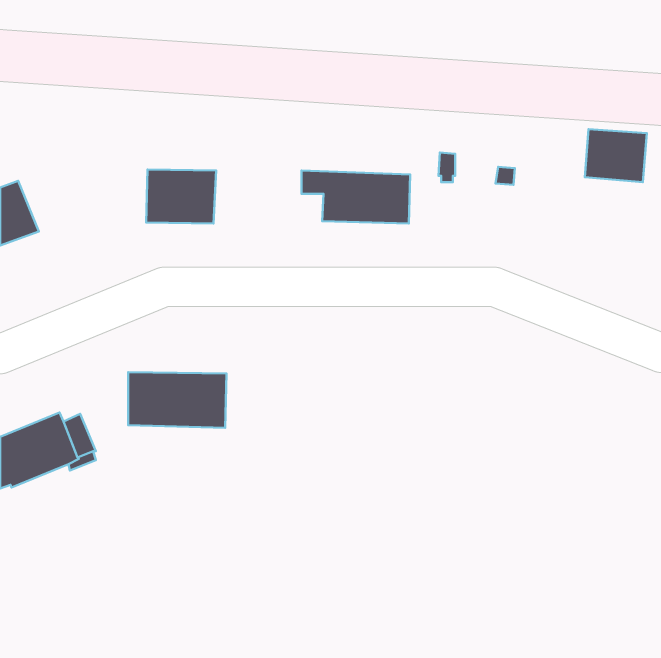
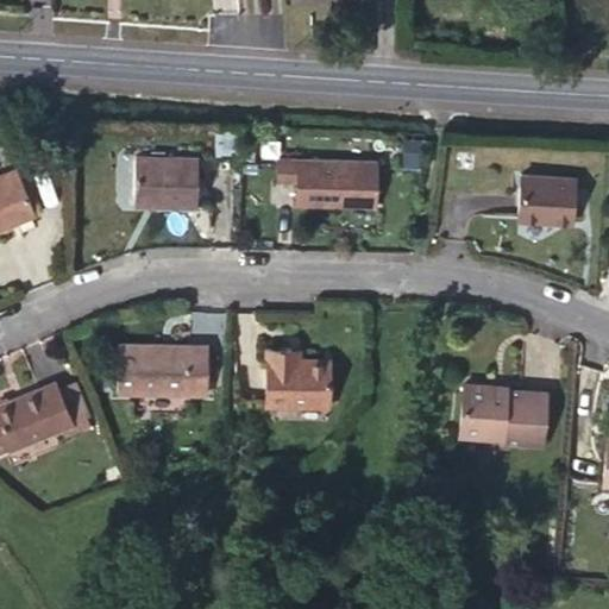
building: [585,129,647,182] -> [517,176,575,225]
building: none -> [265,347,331,406]
building: none -> [459,384,546,445]

